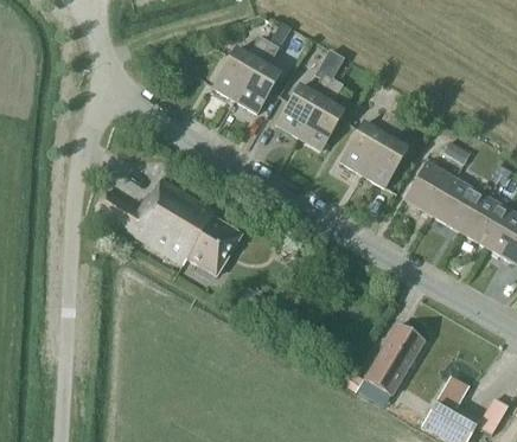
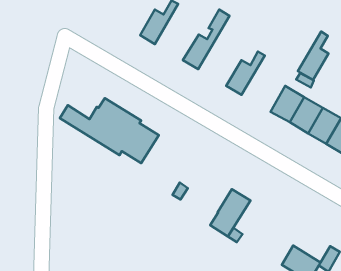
building: [234,40,280,113] -> none
building: [298,78,343,150] -> none
building: [362,116,407,187] -> [298,32,329,80]
building: [365,324,425,393] -> [210,189,250,237]

